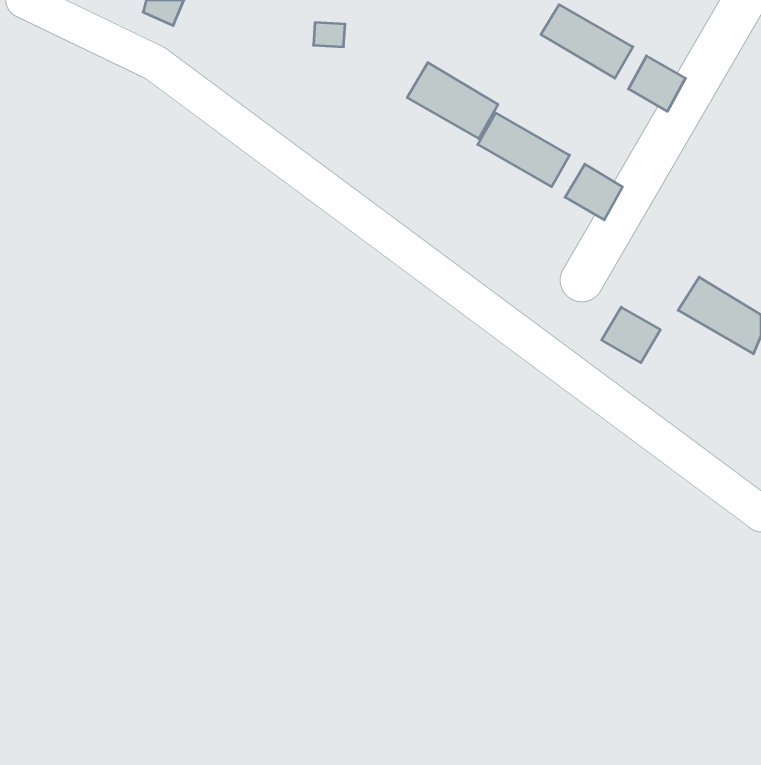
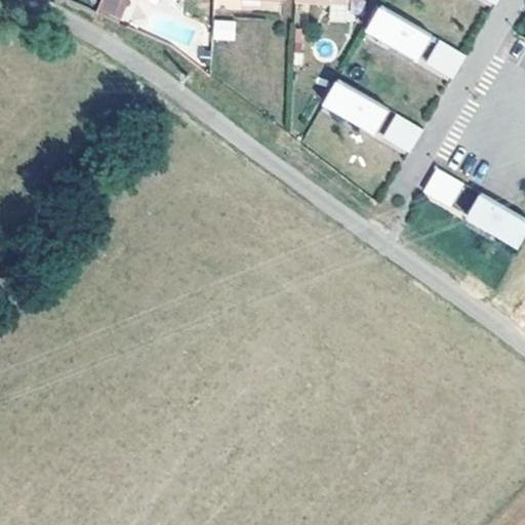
building: [407,63,498,139] -> none
building: [602,307,660,363] -> [422,168,462,206]

